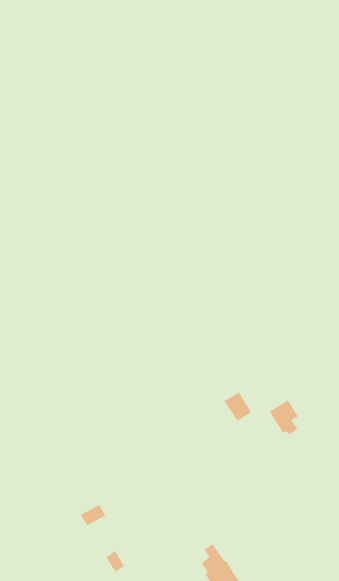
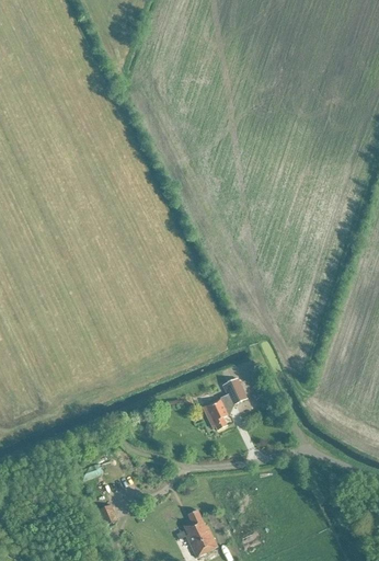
building: [269,400,299,435] -> [204,398,230,430]

